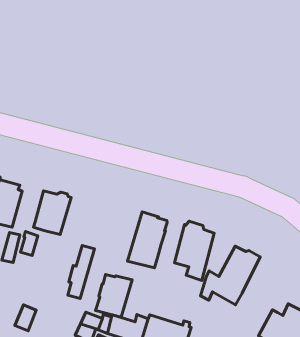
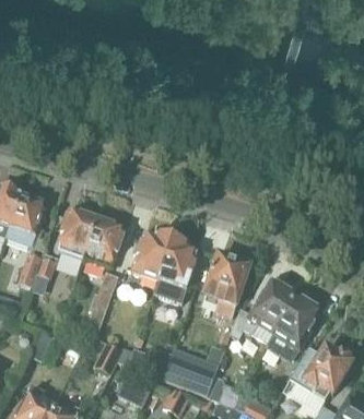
building: none -> [83,217,127,267]
building: none -> [268,294,321,358]
building: [96,274,132,317] -> [131,230,173,277]

